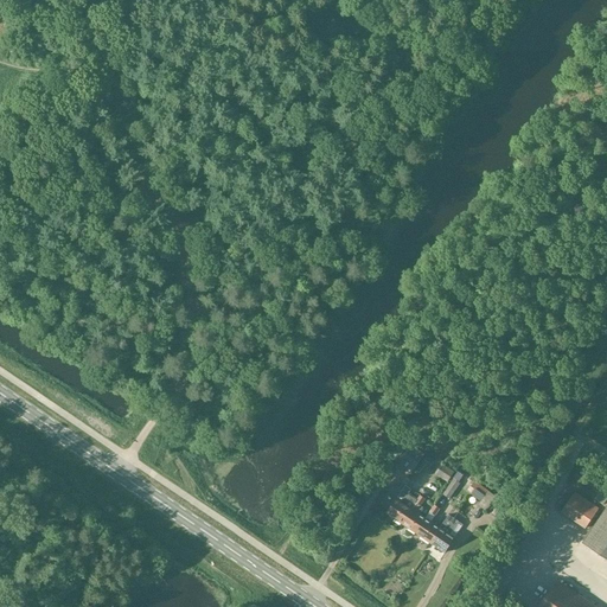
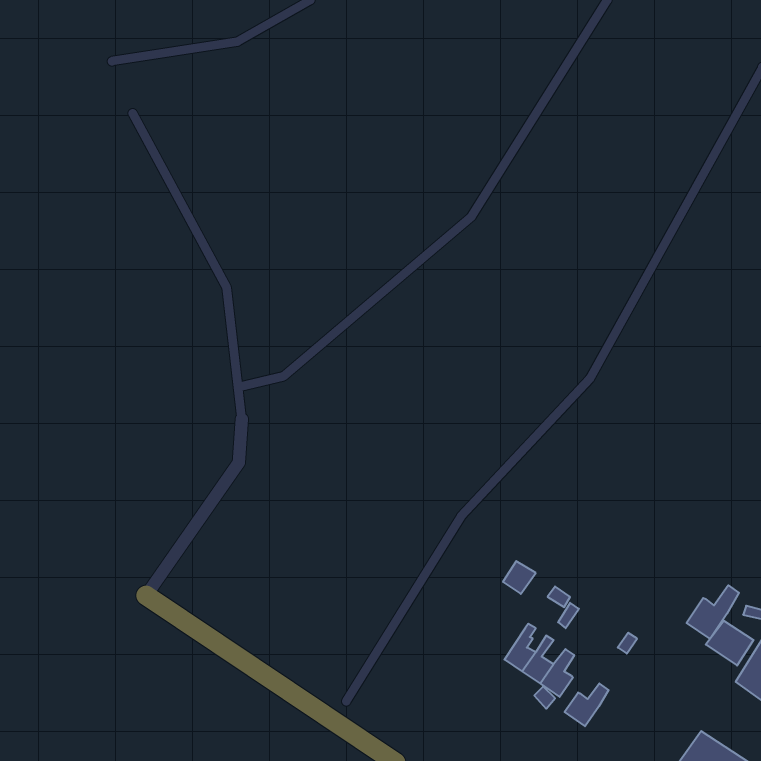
building: none -> [687,585,739,639]
building: [388,487,418,525] -> none
building: none -> [565,683,609,726]

